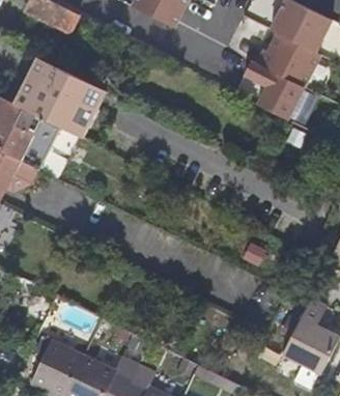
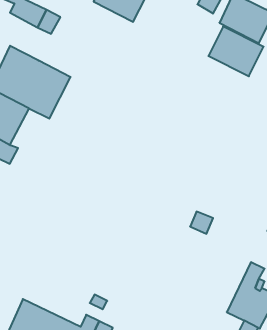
building: [244,67,305,122] -> none

